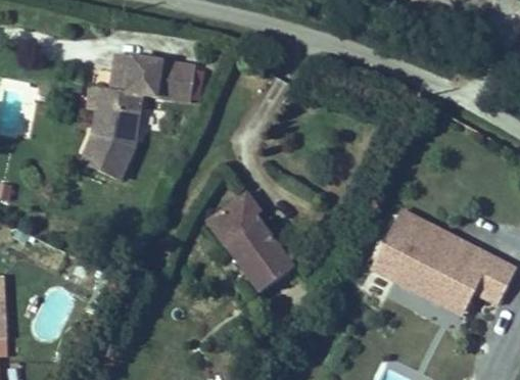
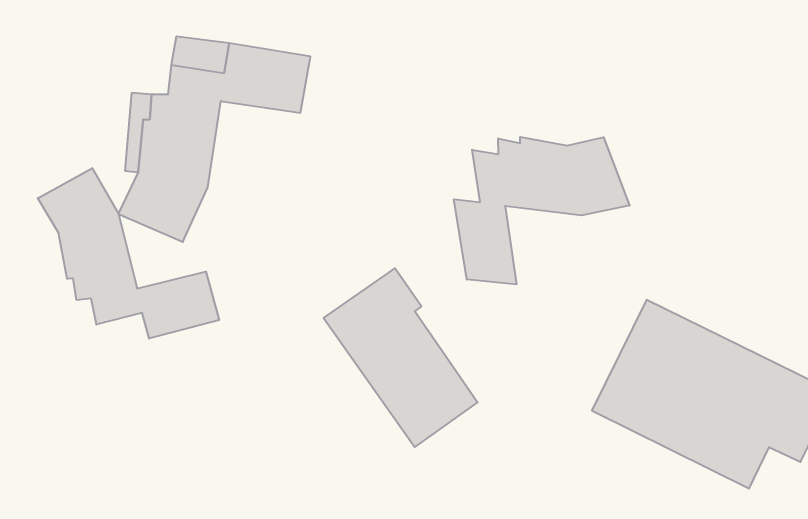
building: none -> [454,137,630,284]
building: none -> [38,168,219,339]

